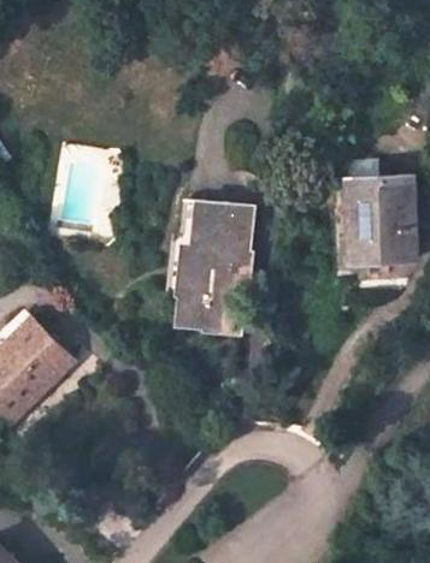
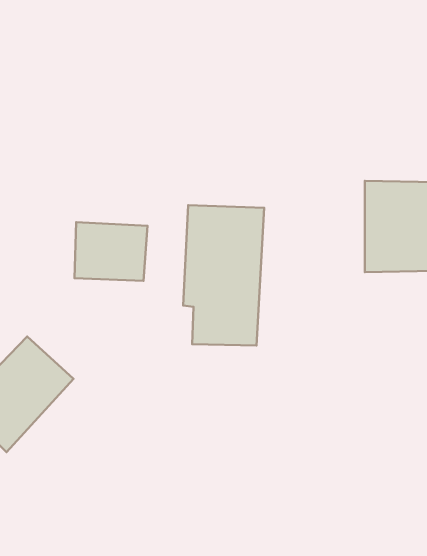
building: none -> [74,222,147,281]

